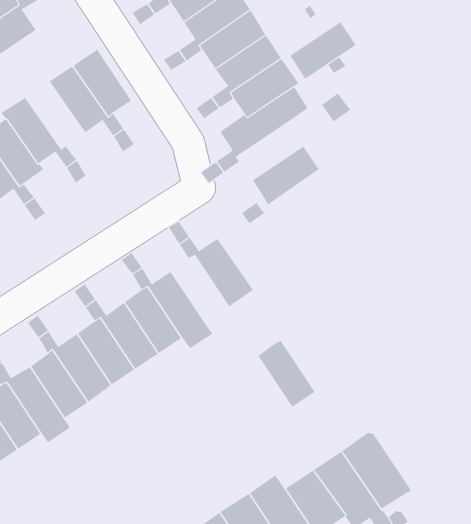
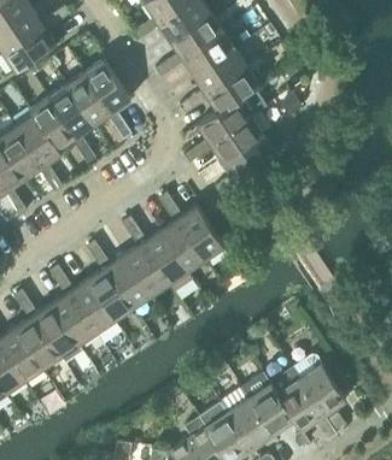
building: [289,21,357,79] -> [211,117,263,161]
building: none -> [48,85,94,137]
building: [258,340,315,407] -> [160,219,205,271]

